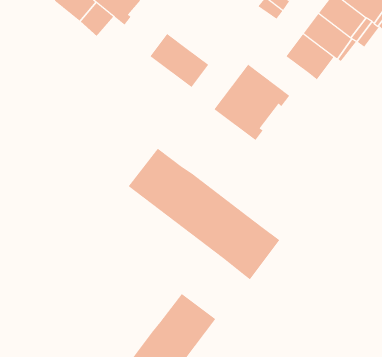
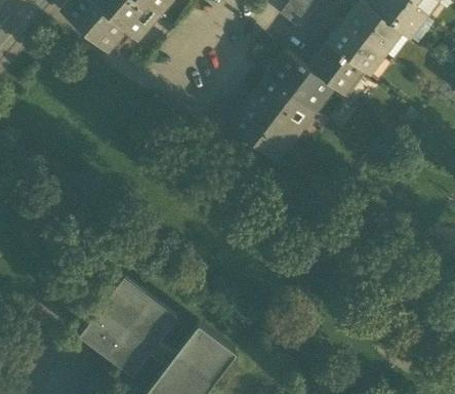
building: [150,33,209,88] -> [271,56,334,115]
building: [128,148,280,280] -> none
building: none -> [80,279,178,379]

